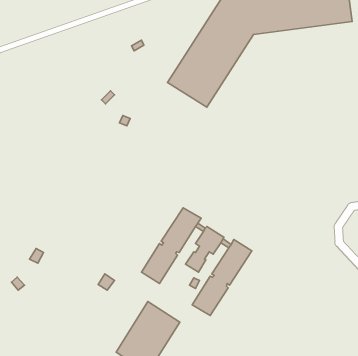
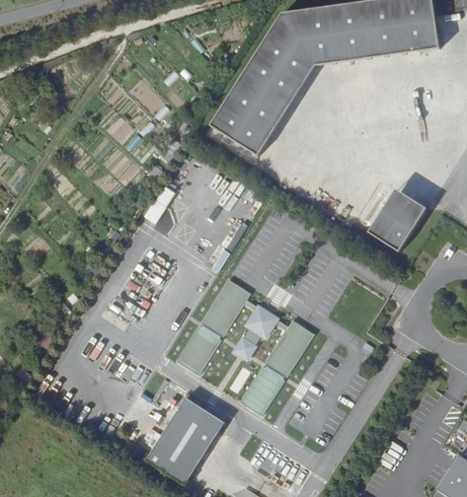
building: none -> [369,190,427,254]

